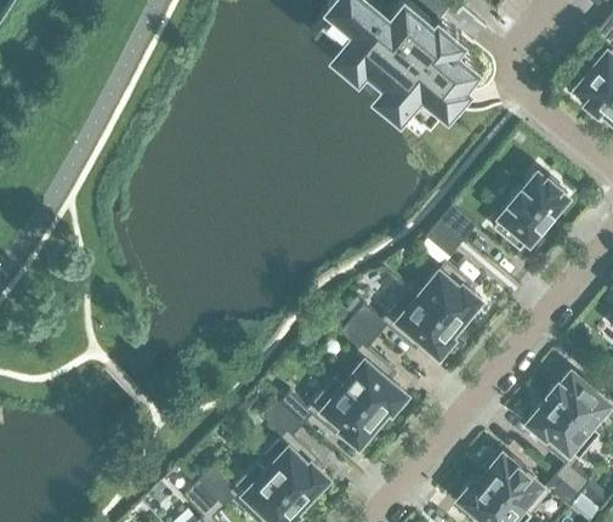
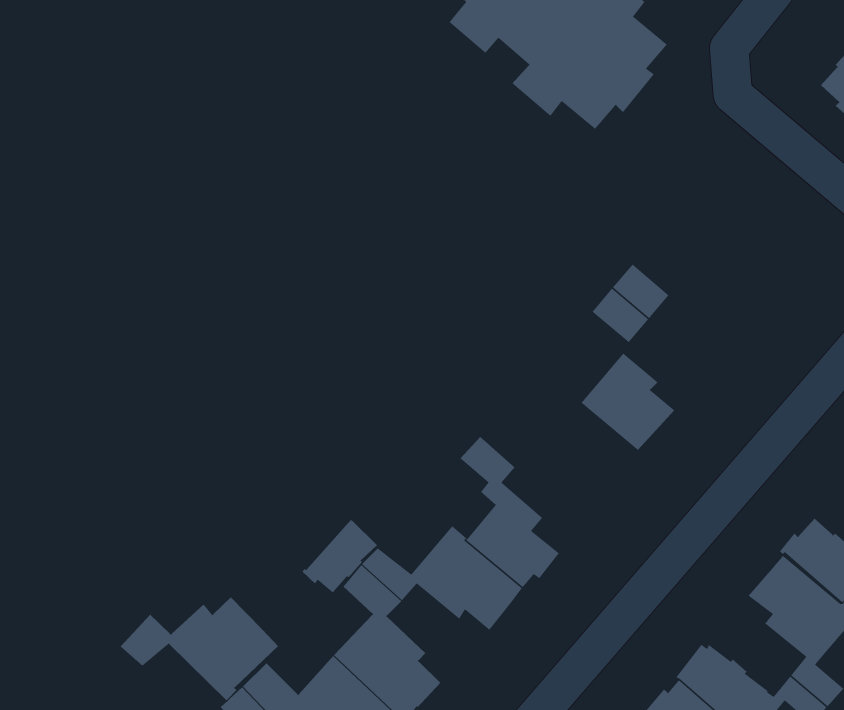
building: [493,172,567,251] -> none
building: [353,286,456,356] -> none
building: none -> [302,519,378,594]
building: none -> [120,597,279,701]

